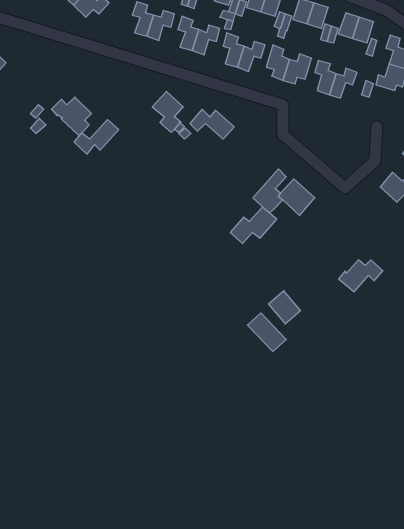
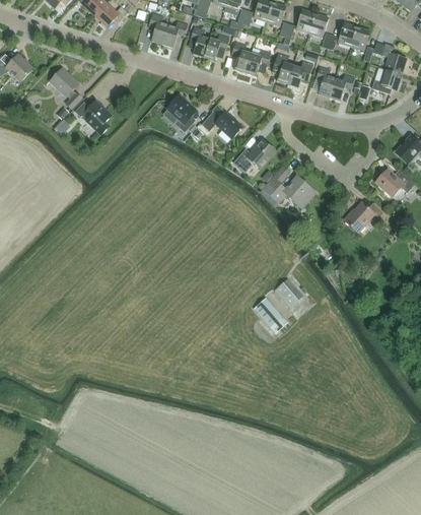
building: none -> [50,68,81,109]
building: [74,120,119,154] -> none
building: [230,207,277,244] -> [232,139,275,173]
building: [339,260,383,292] -> [343,202,383,232]

